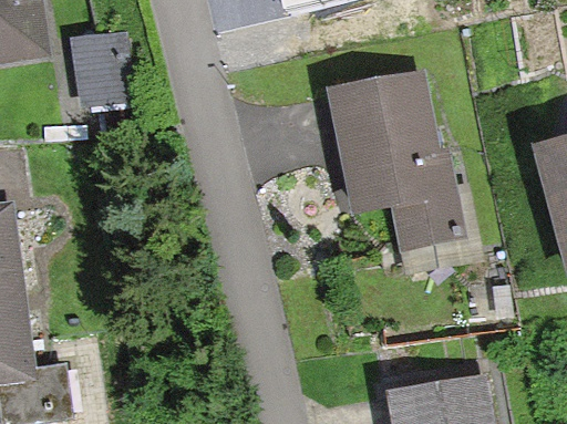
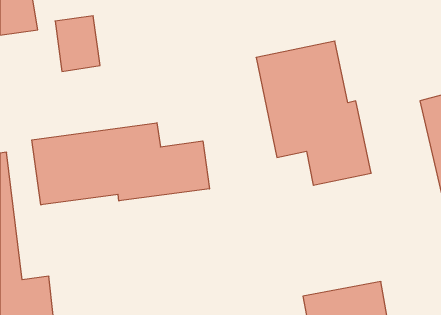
building: none -> [32,123,209,205]

